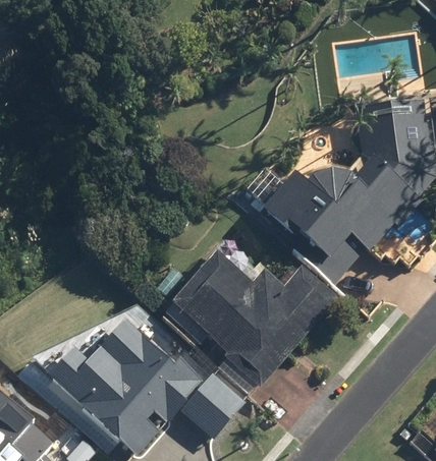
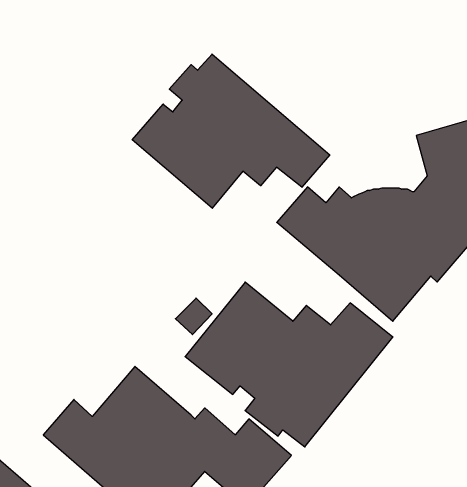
building: none -> [132,54,330,208]

